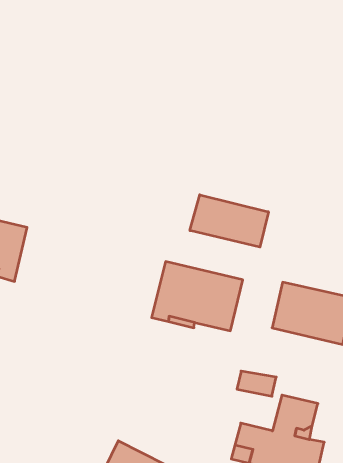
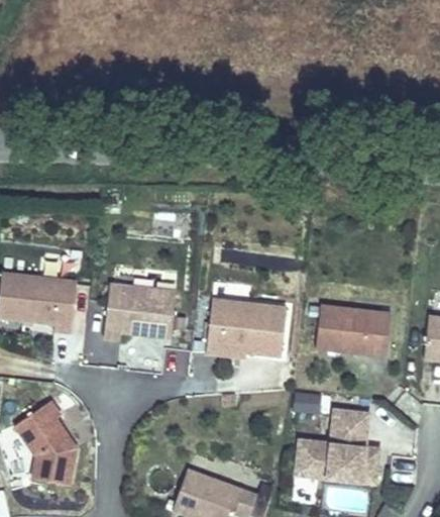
building: [190,195,268,247] -> none
building: none -> [103,283,176,338]

